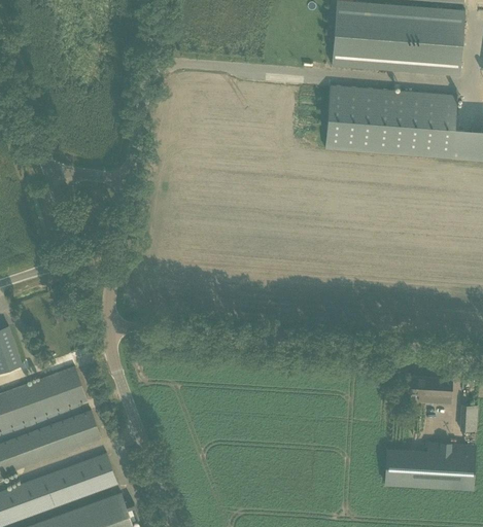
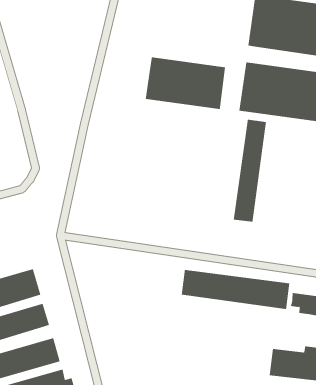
building: none -> [145,57,226,110]
building: none -> [233,119,267,223]
building: none -> [181,269,290,310]

